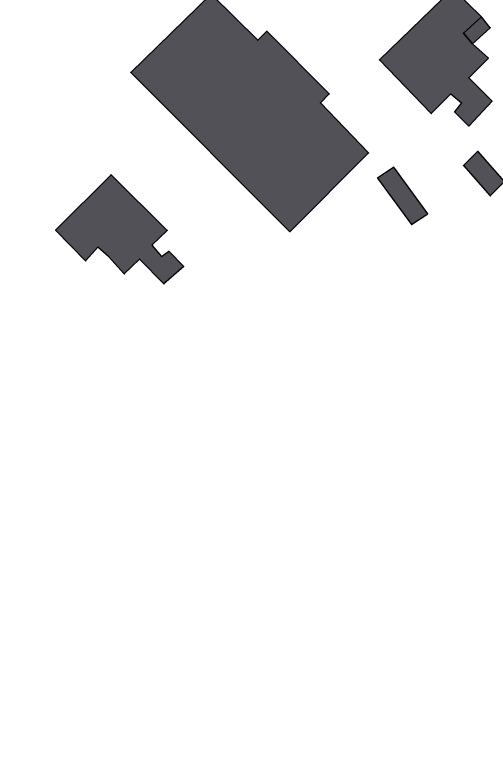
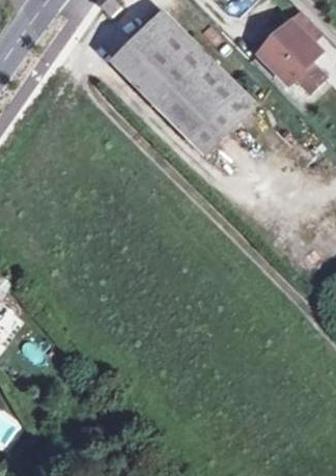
building: [56,175,184,284] -> none

